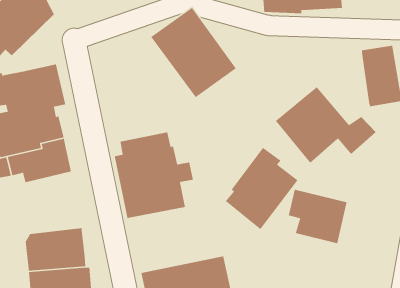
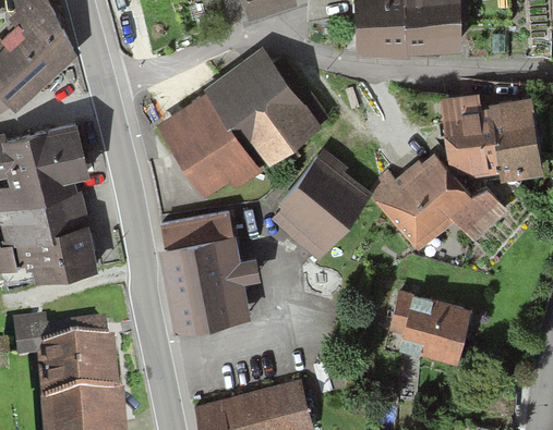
building: none -> [153,86,266,197]
building: none -> [441,95,500,181]
building: [225,147,298,230] -> [273,149,372,261]
building: none -> [16,321,108,361]

